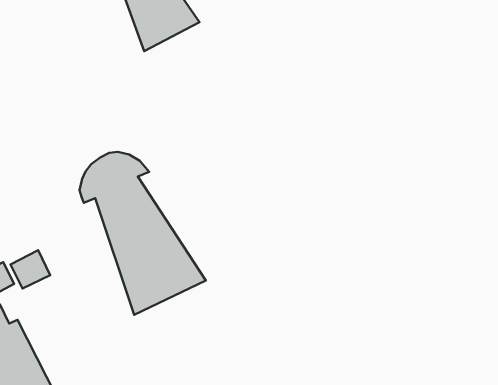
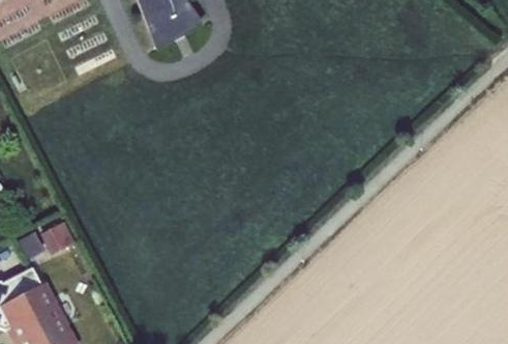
building: [80,152,206,315] -> none

